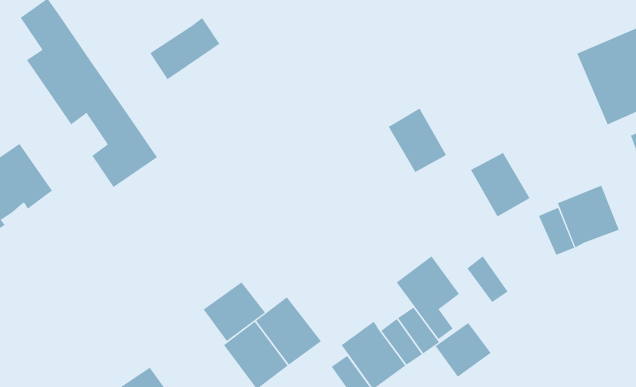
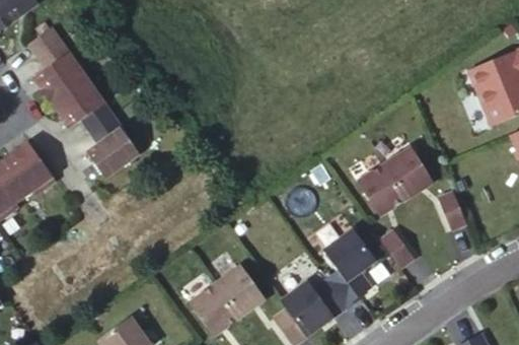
building: [150,17,220,80] -> none
building: [388,108,447,173] -> [358,161,404,213]
building: [557,185,619,248] -> none
building: [203,281,266,342] -> none
building: [435,322,491,378] -> none

